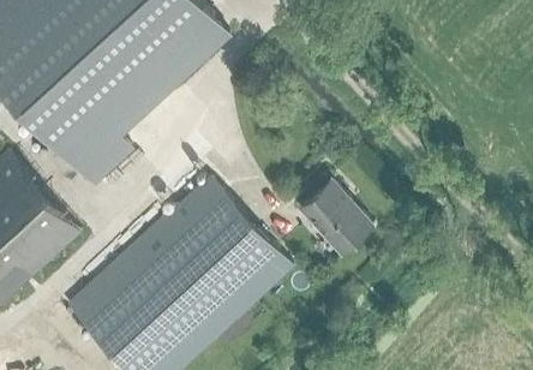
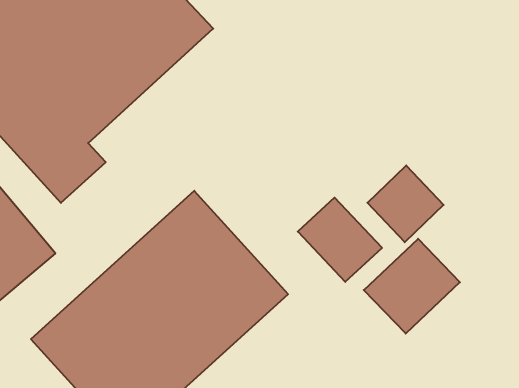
building: none -> [367,165,444,242]
building: none -> [364,239,460,334]

